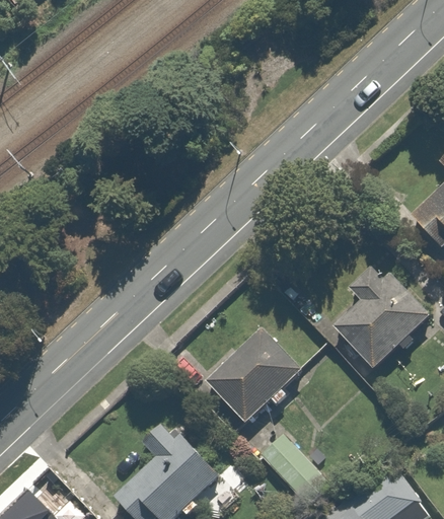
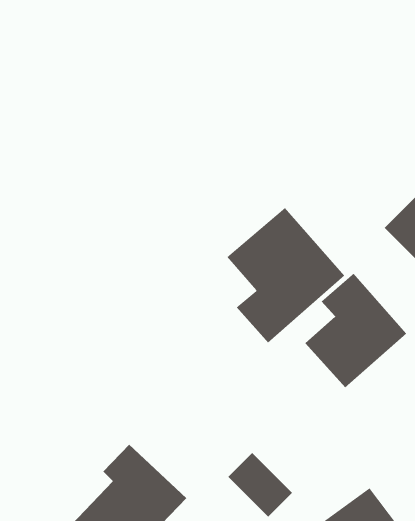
building: none -> [227,207,345,343]
building: [208,329,299,421] -> none

